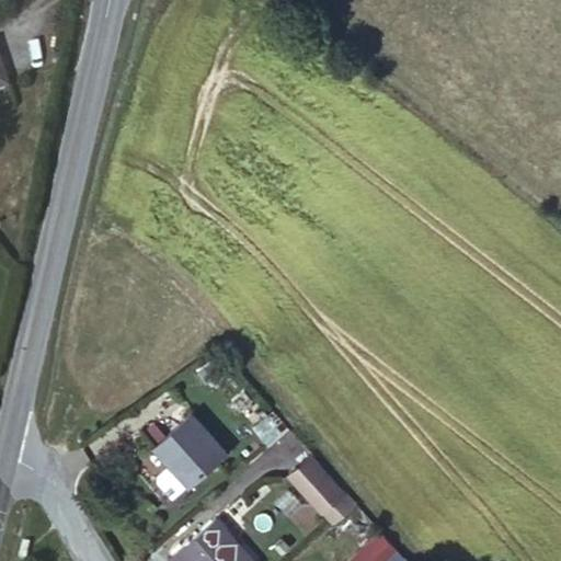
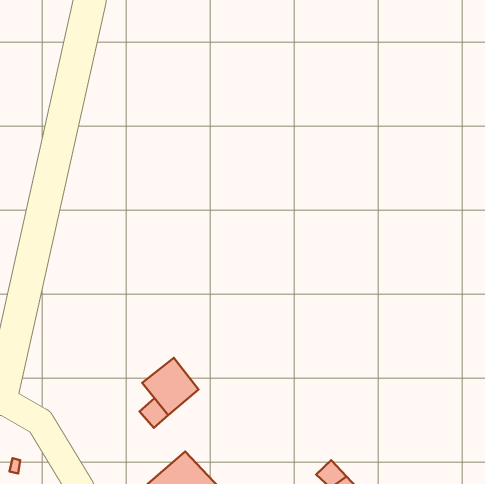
building: [288,460,356,527] -> none

